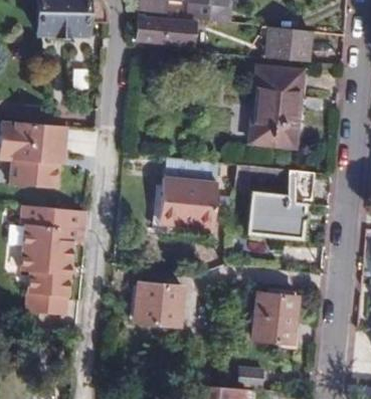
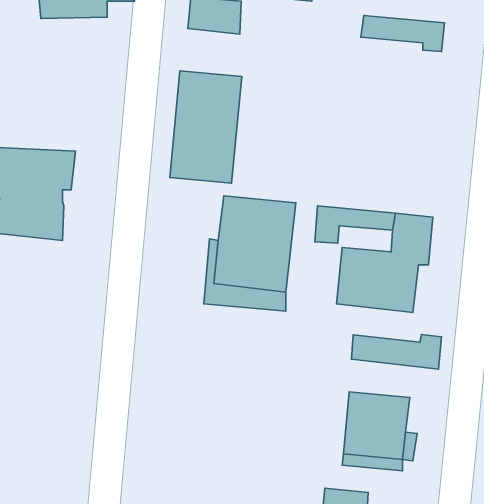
building: [250,69,301,148] -> [170,71,242,183]
building: [21,209,84,317] -> none
building: none -> [352,334,442,369]
building: [139,287,184,330] -> none

